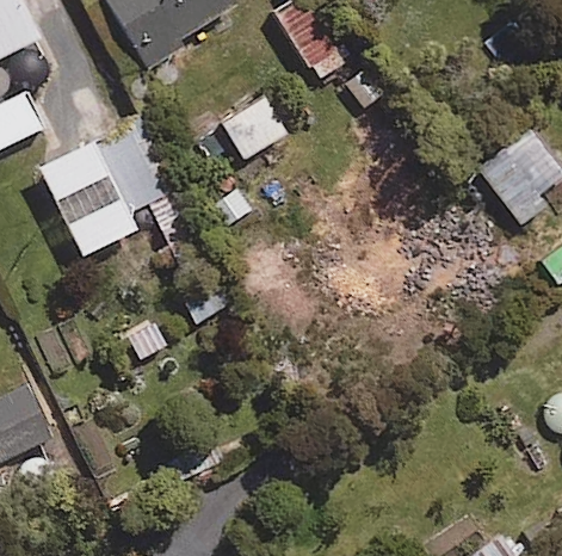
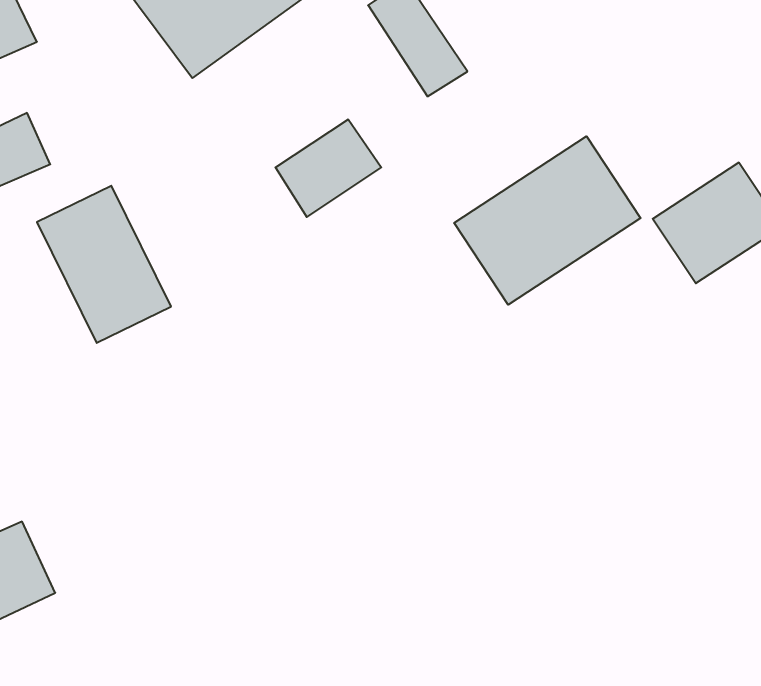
building: none -> [454,136,641,305]

